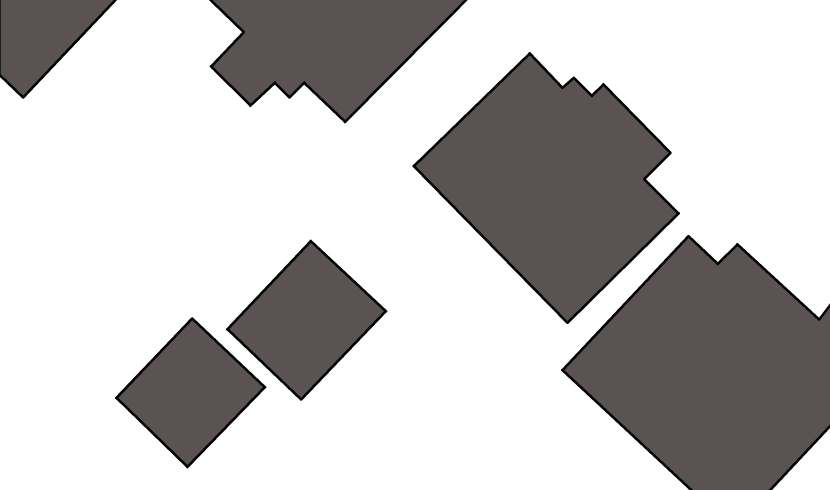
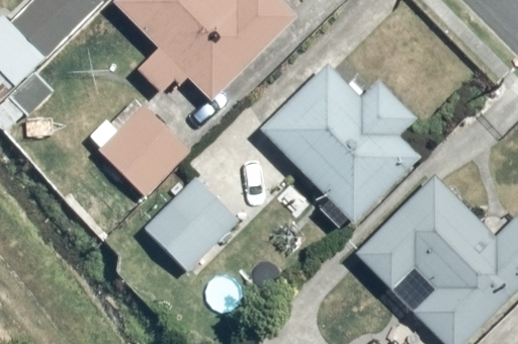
building: none -> [87,104,189,197]
building: [116,319,265,467] -> none

